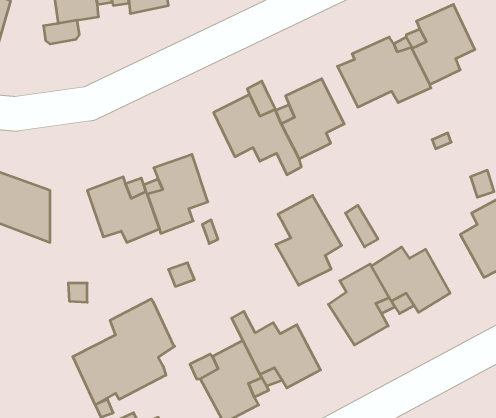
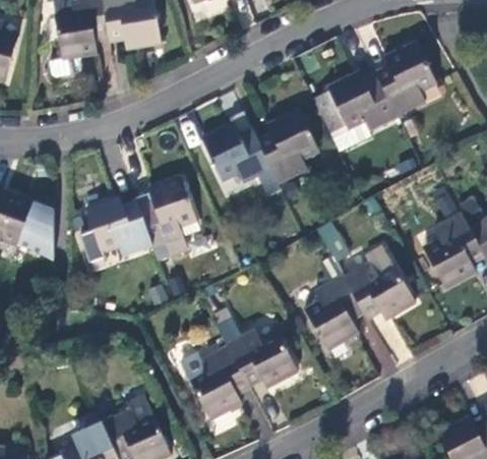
building: [276,195,342,285] -> none
building: [73,299,175,405] -> none

